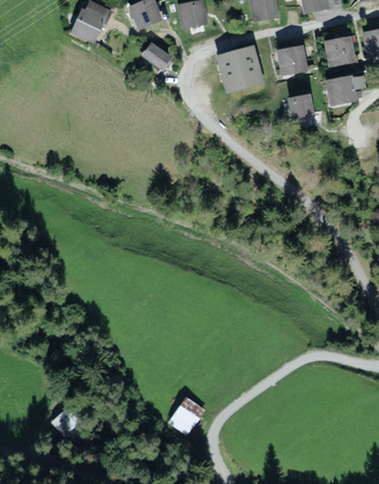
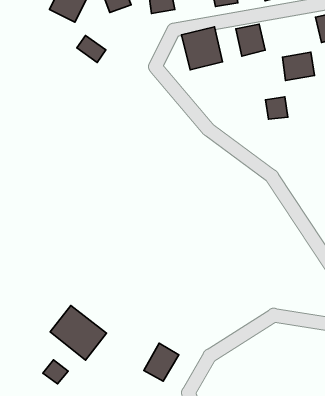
building: [325,35,357,67] -> none
building: [138,38,170,68] -> [77,35,106,63]
building: [286,90,311,115] -> [265,97,288,119]
building: none -> [50,306,107,360]

